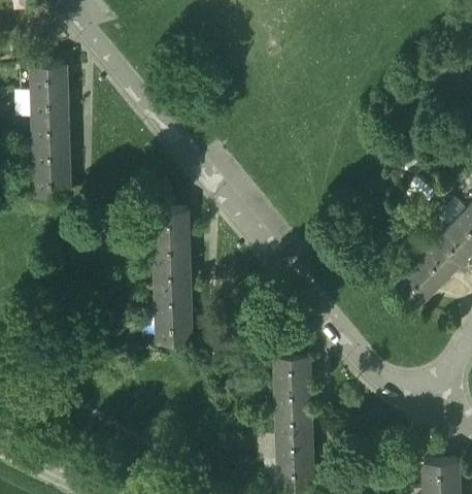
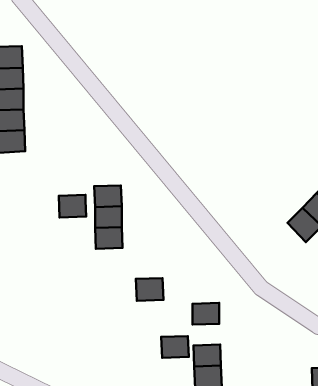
building: [154,211,188,239] -> [59,195,86,217]
building: [157,316,191,343] -> [136,278,163,301]
building: [275,357,309,385] -> none
building: [276,409,310,436] -> [161,336,189,358]

